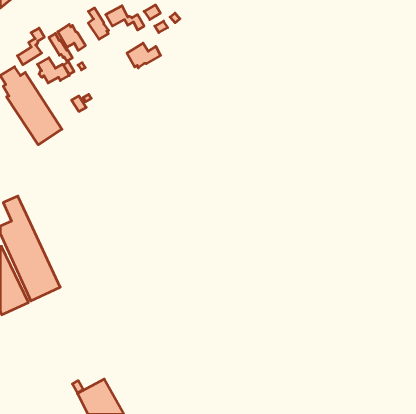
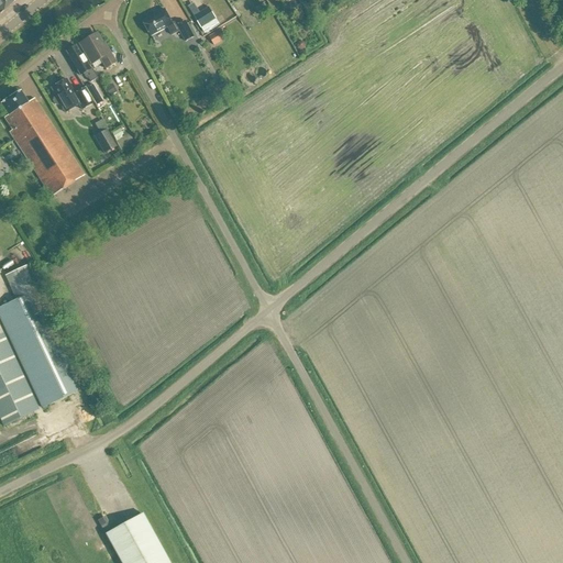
building: [88,8,109,39] -> none
building: [17,28,44,65] -> none
building: [127,43,161,68] -> none

